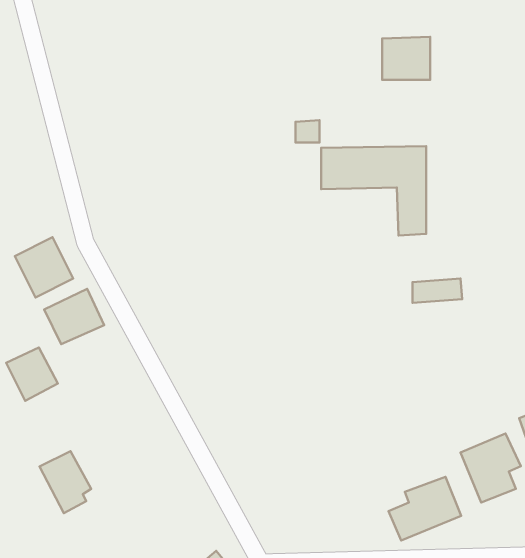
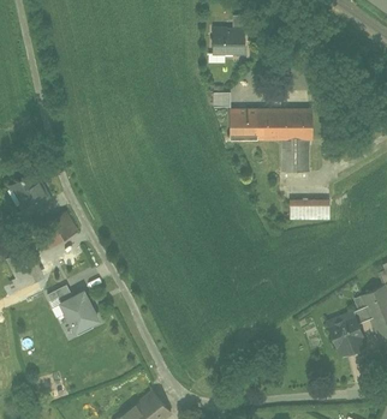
building: [382,37,430,80] -> [214,29,248,59]
building: [40,451,91,513] -> [61,291,97,334]
building: [389,477,461,541] -> none

